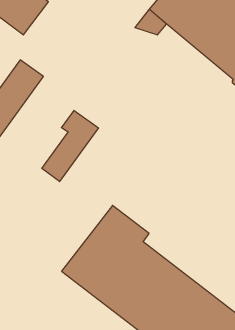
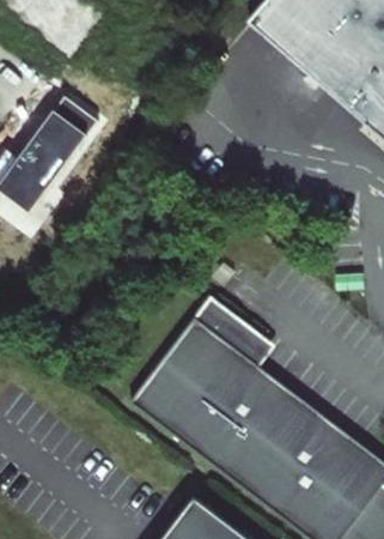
building: [42,110,98,182] -> none

